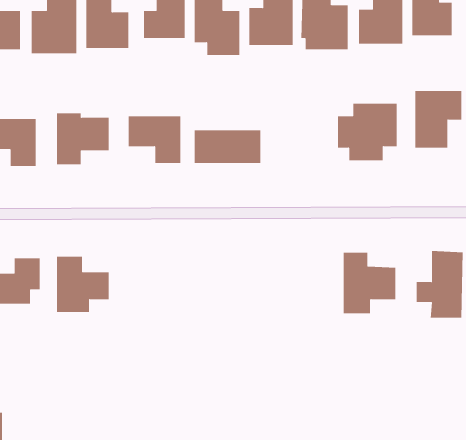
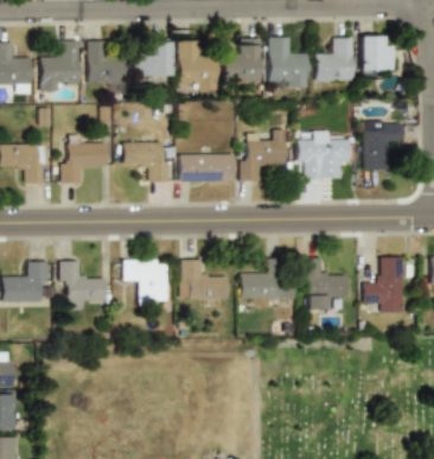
building: none -> [240,129,286,183]
building: none -> [125,260,170,305]
building: none -> [181,260,228,300]
building: none -> [241,261,295,299]

